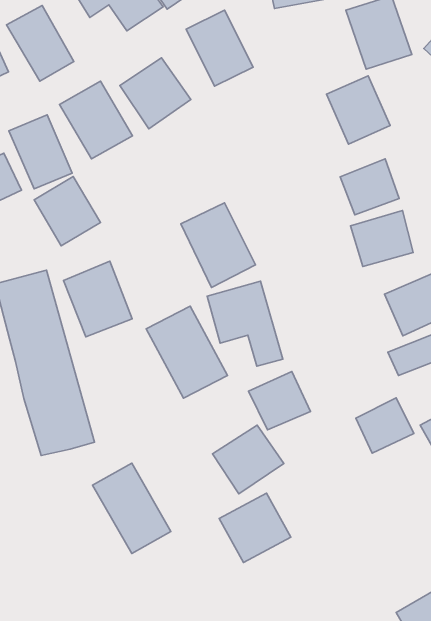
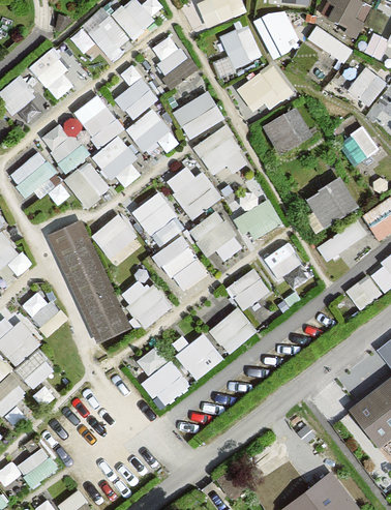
building: none -> [217,23,264,70]
building: none -> [172,89,223,139]
building: none -> [124,108,179,151]
building: none -> [92,136,144,189]
building: none -> [193,124,246,178]
building: [350,211,413,267] -> [237,199,281,240]
building: none -> [131,189,184,246]
building: none -> [118,274,169,326]
building: [356,398,414,453] -> [264,240,304,279]
building: [219,493,291,563] -> [174,331,223,380]

